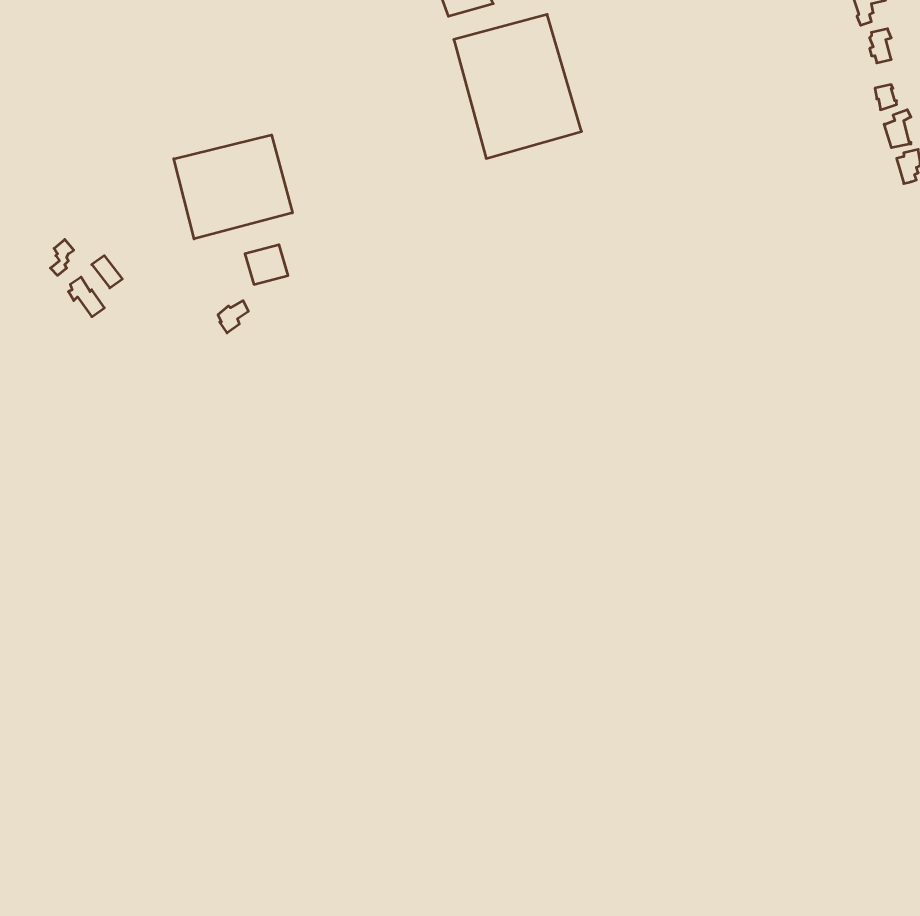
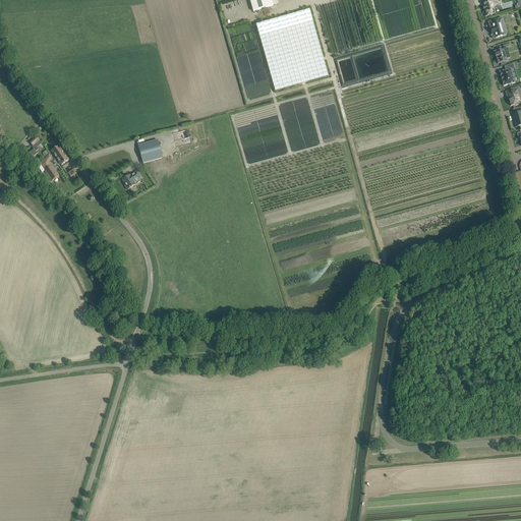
building: [174,135,292,239] -> none

